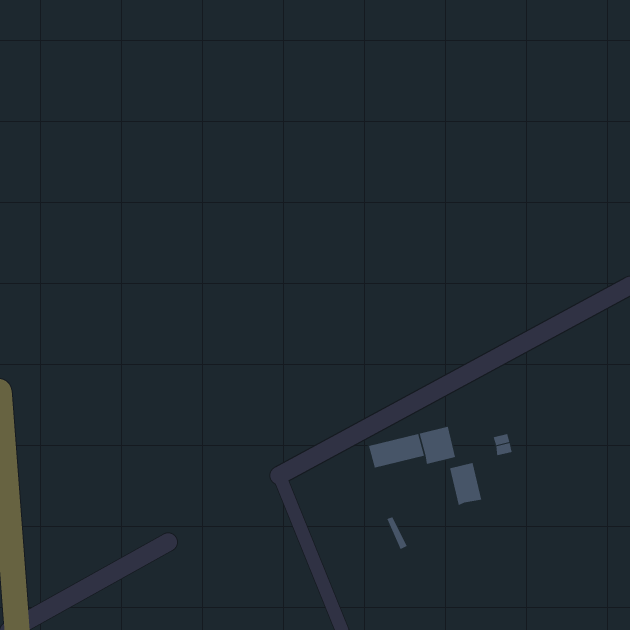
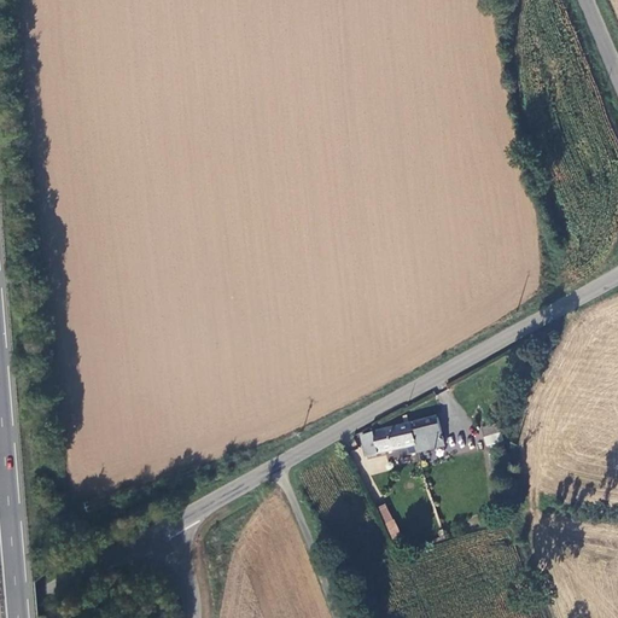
building: [449,462,482,506] -> none

